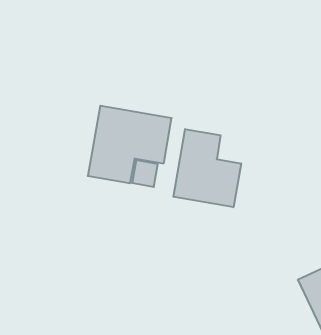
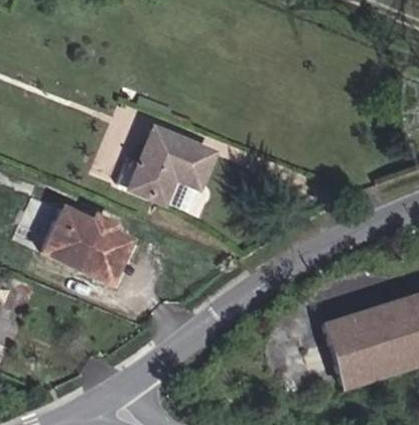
building: [174,129,241,207] -> none
building: none -> [41,207,131,283]

